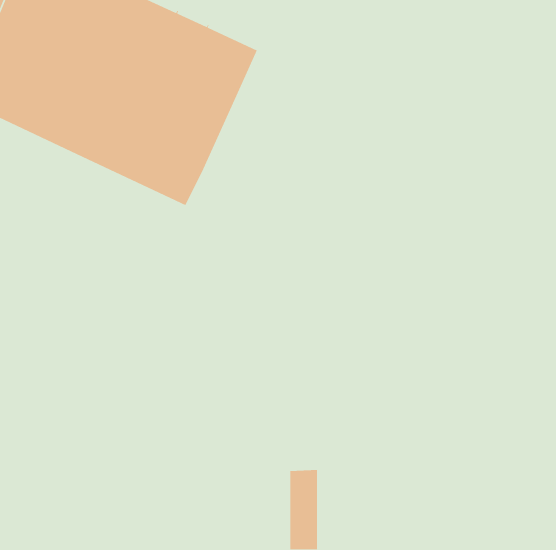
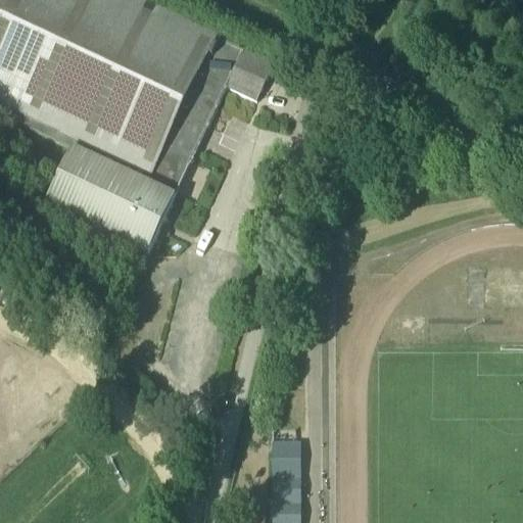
building: none -> [225,47,272,98]
building: none -> [44,145,174,250]

